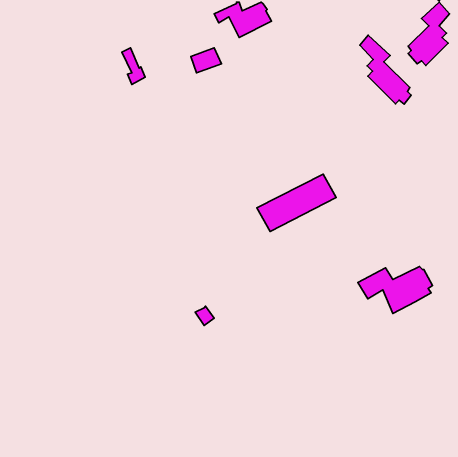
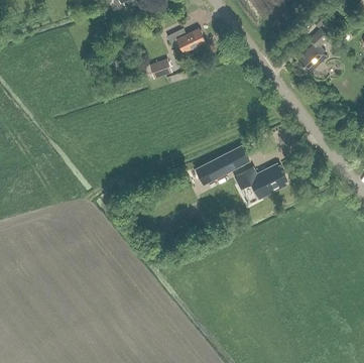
building: [360,35,411,104] -> none
building: [358,266,433,313] -> [233,165,284,198]

